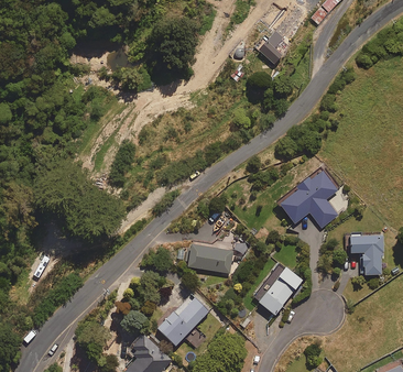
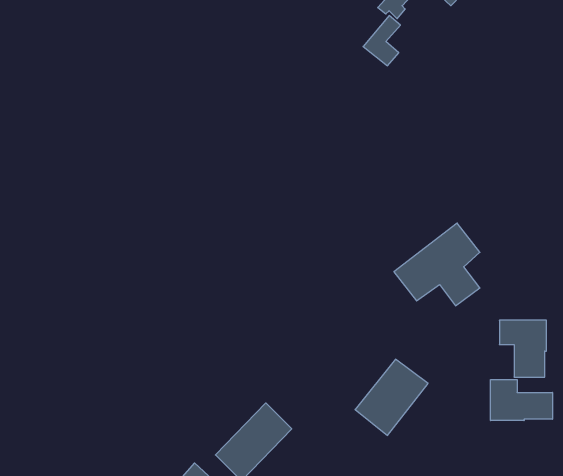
building: [186,245,232,273] -> none
building: none -> [491,380,552,421]

